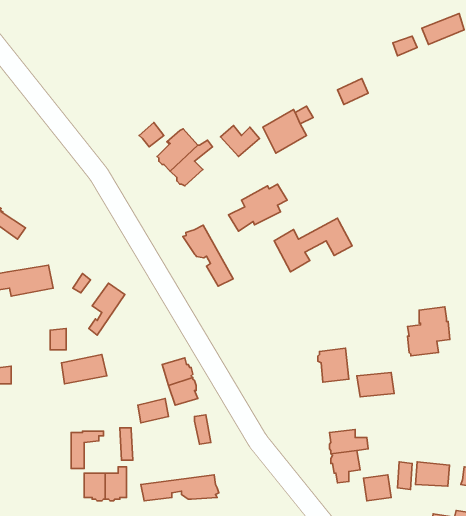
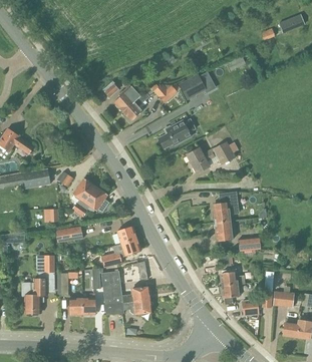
building: [183,225,233,286] -> none
building: none -> [77,188,109,217]
building: [408,307,450,356] -> [213,193,239,223]
building: none -> [22,256,53,315]
building: none -> [101,271,150,305]

